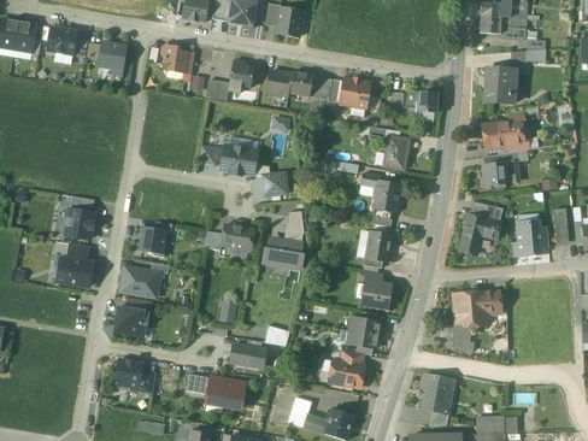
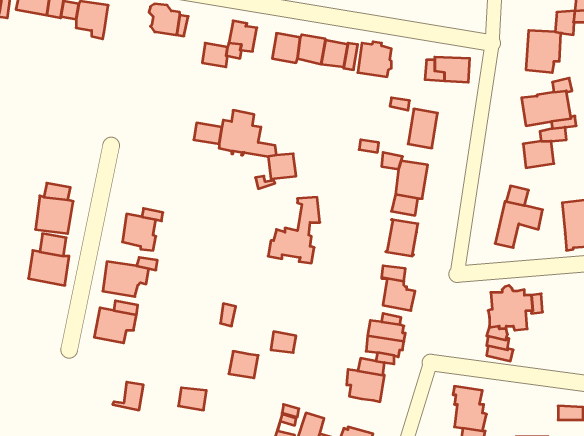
building: [220,224,253,252] -> none
building: [114,359,142,390] -> none
building: [206,377,245,407] -> none

